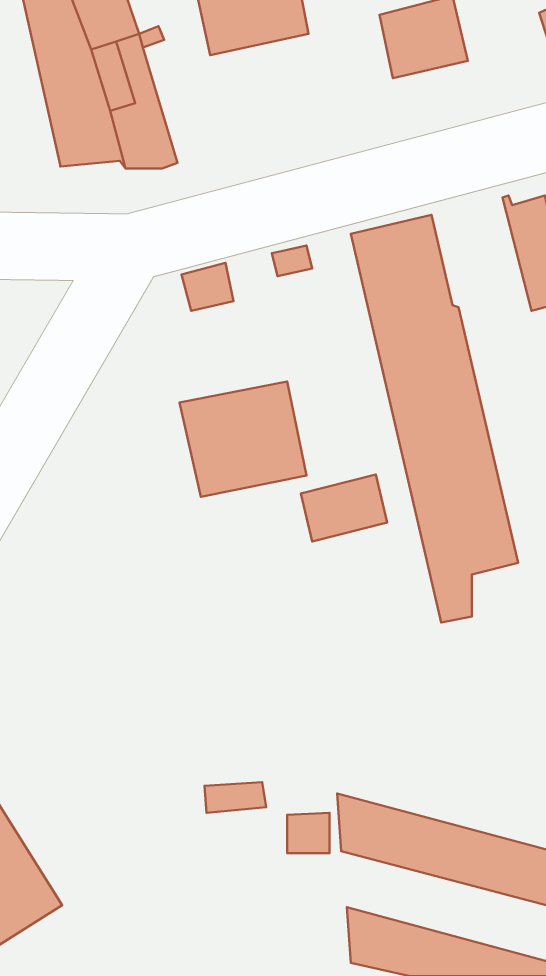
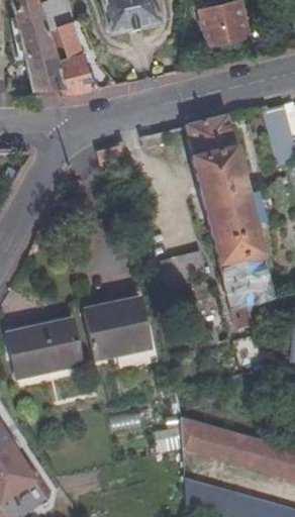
building: [180,381,307,497] -> [84,300,151,360]
building: none -> [6,322,81,379]

